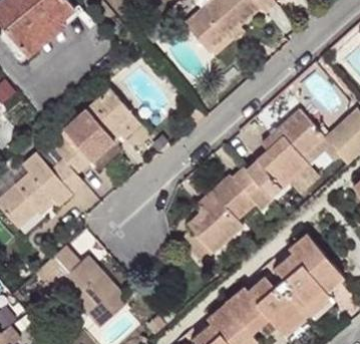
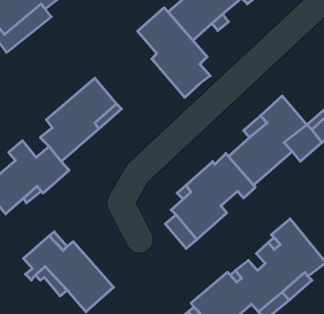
building: none -> [138,8,210,97]

